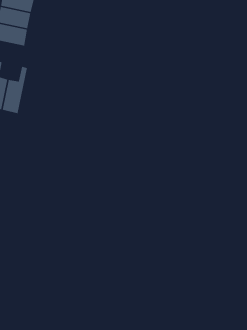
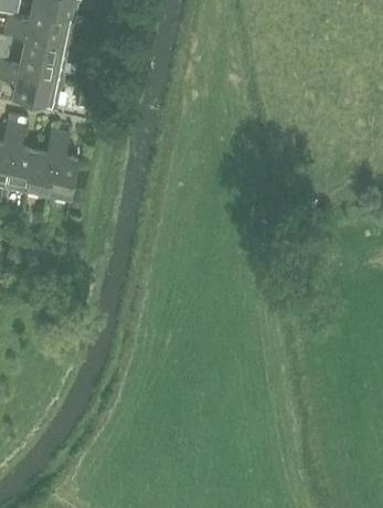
building: none -> [46,134,78,201]

